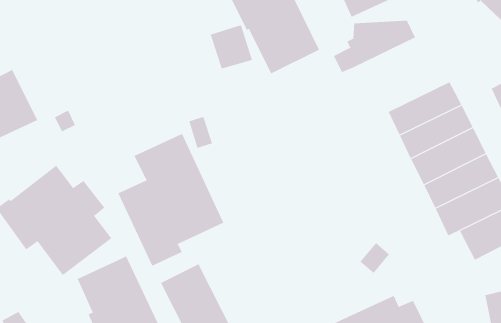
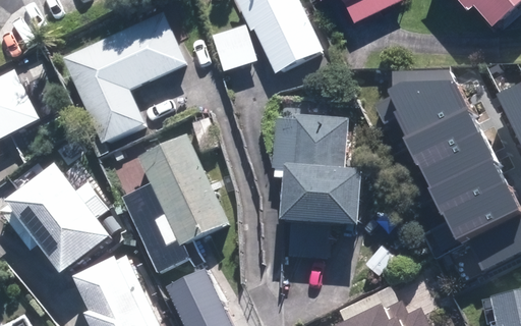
building: none -> [64,14,185,146]
building: [333,20,416,73] -> [370,65,453,118]
building: none -> [272,114,365,259]

